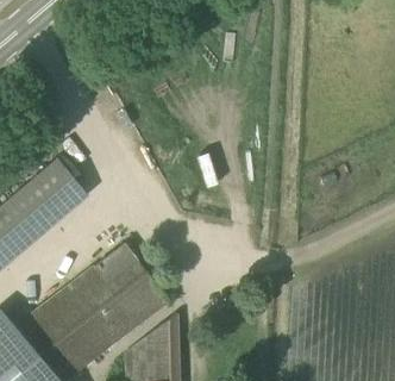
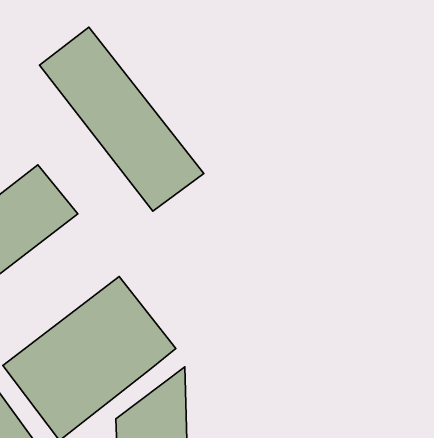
building: none -> [40,27,204,211]

